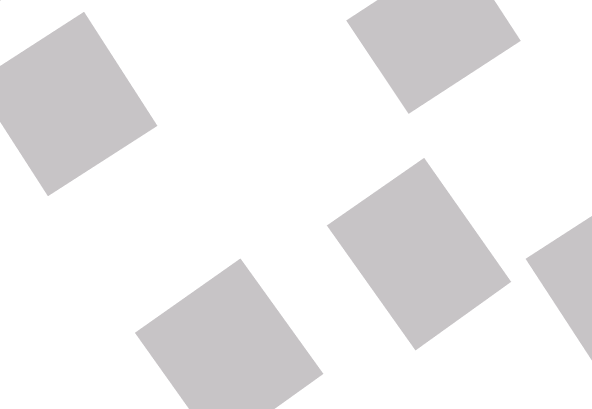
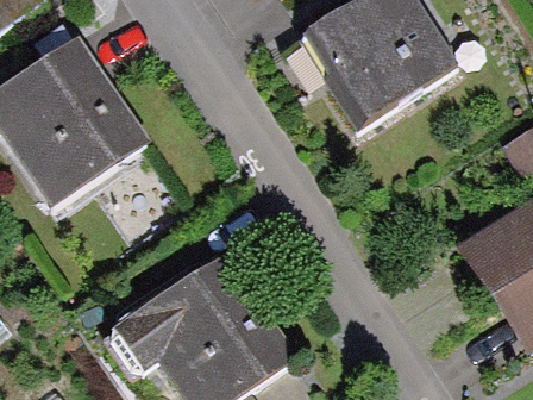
building: [326,157,512,351] -> none

